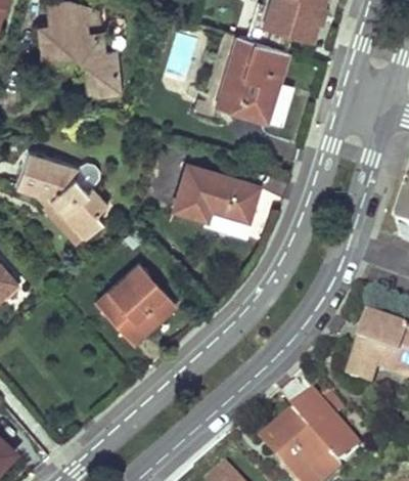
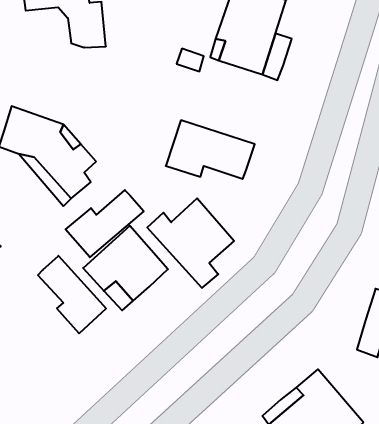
building: none -> [66,190,144,257]
building: none -> [147,198,234,288]
building: none -> [38,256,106,333]

